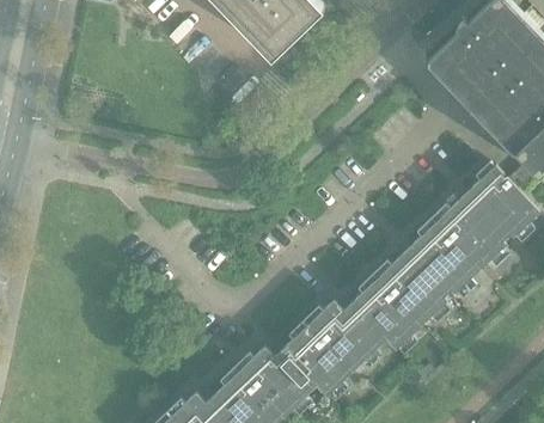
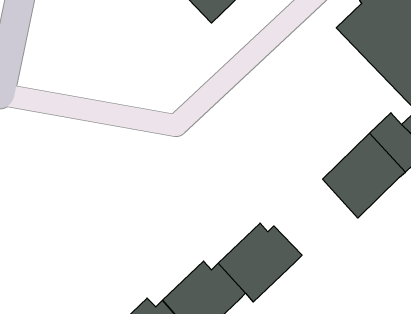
building: [349,245,452,349] -> none

